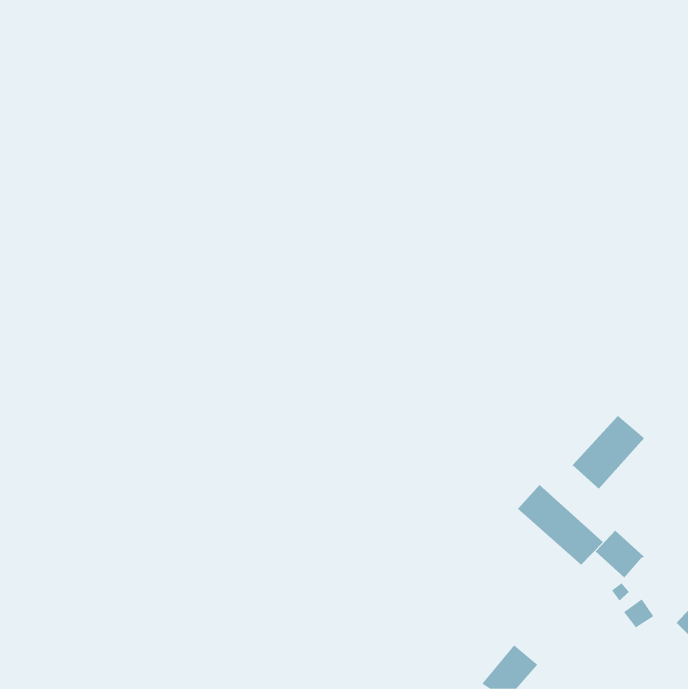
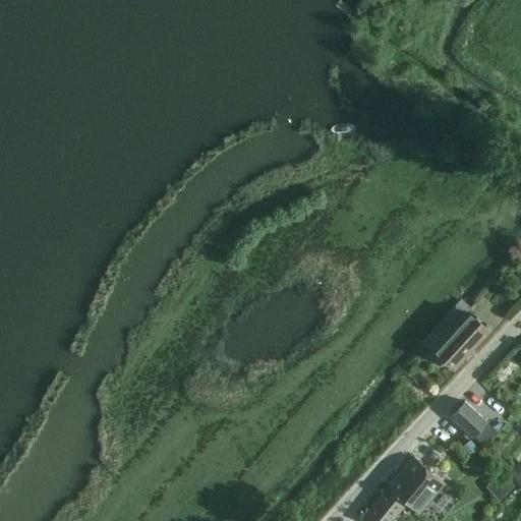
building: [517,484,604,565] -> none
building: none -> [389,457,445,512]

